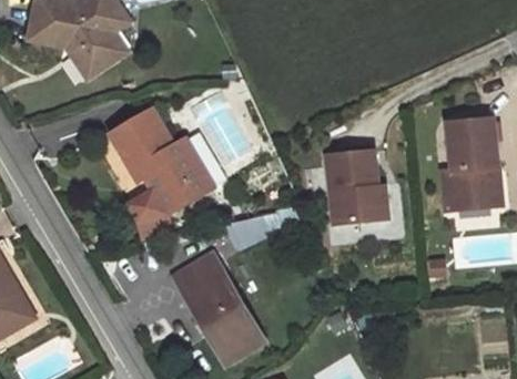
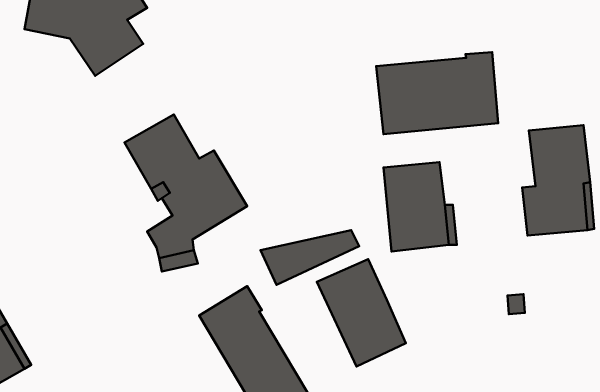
building: none -> [376,52,498,134]
building: none -> [317,259,406,366]

